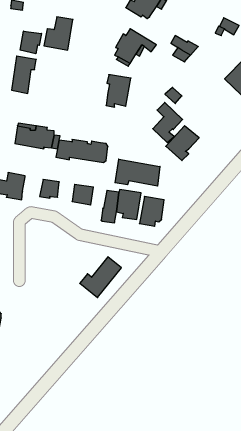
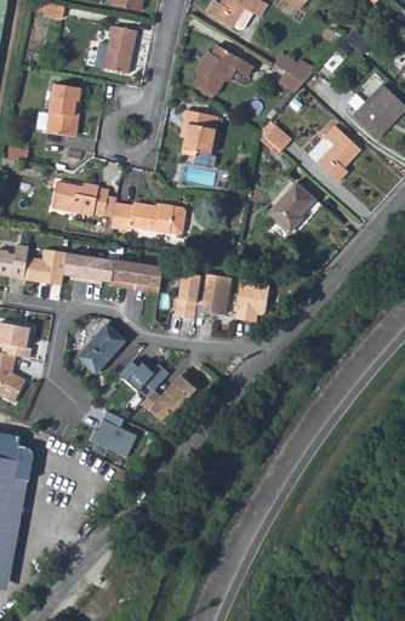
building: [20,31,41,54] -> none
building: [153,102,183,142] -> [316,125,359,182]
building: [115,159,160,186] -> none
building: none -> [63,255,92,283]
building: none -> [112,262,137,290]
building: none -> [78,323,124,371]
building: none -> [115,359,165,389]
building: none -> [86,409,133,455]

